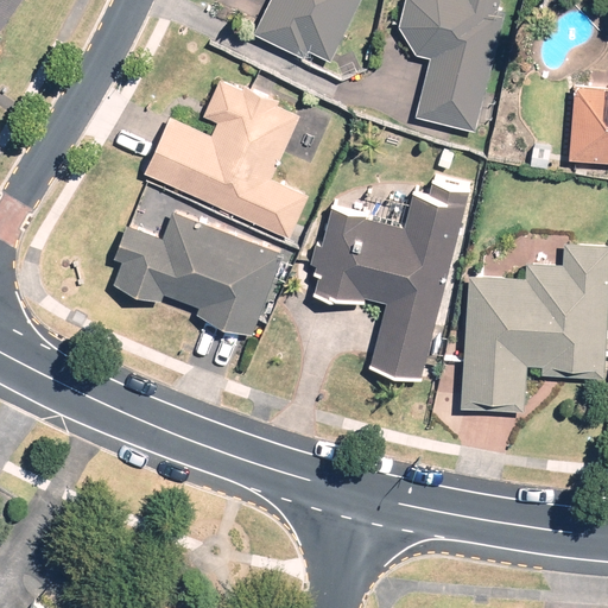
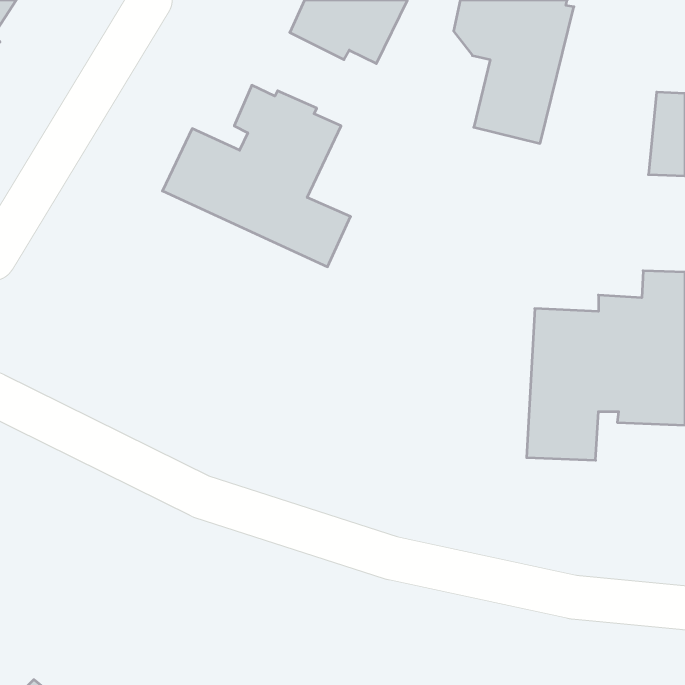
building: [315,182,469,379] -> none
building: [114,210,281,335] -> none

